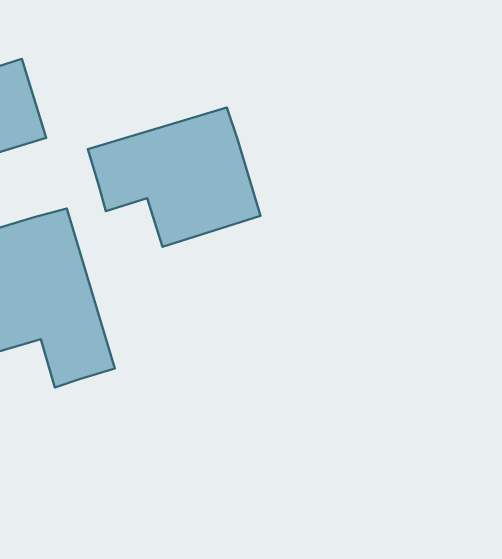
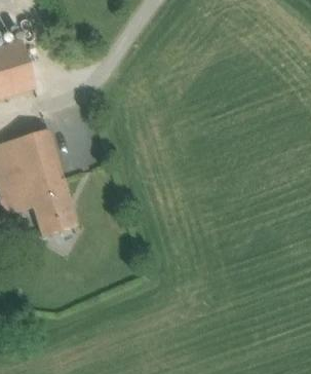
building: [88,107,260,247] -> none

